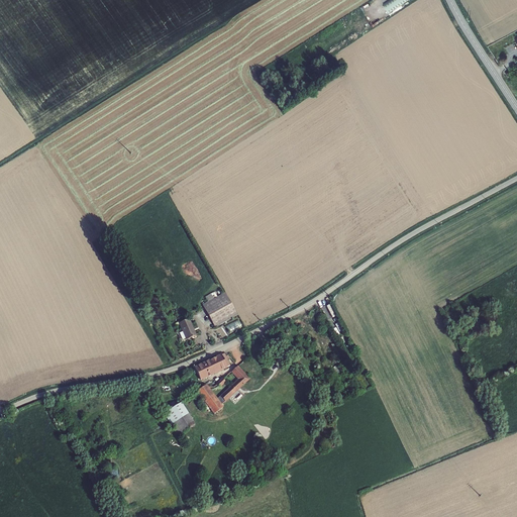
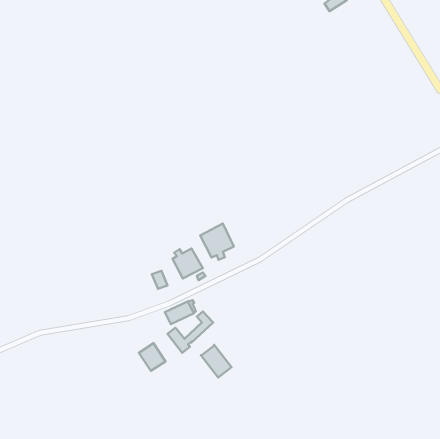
building: none -> [200,224,234,260]
building: none -> [201,345,232,378]

